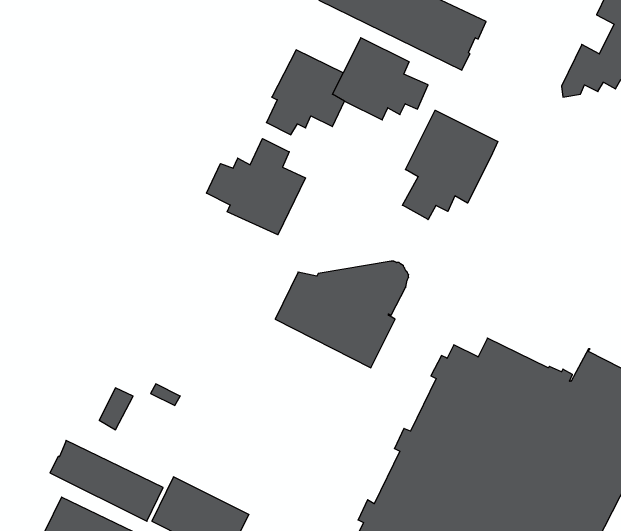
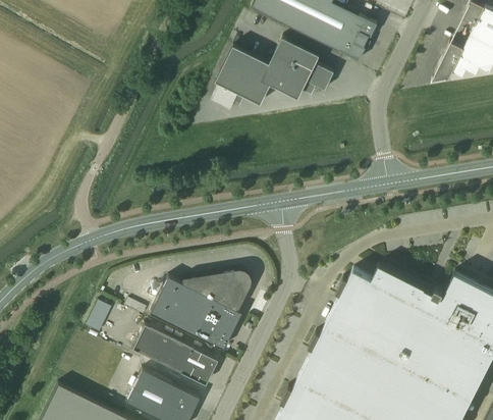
building: [402,110,498,220] -> none
building: [207,139,306,235] -> none
building: [275,261,409,368] -> [150,269,251,350]
building: [50,440,163,521] -> [131,324,217,385]

